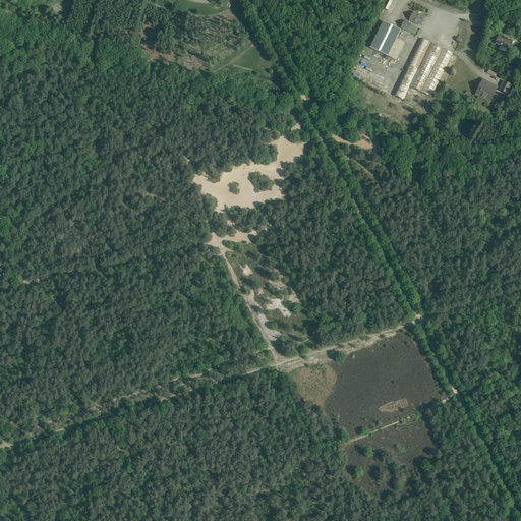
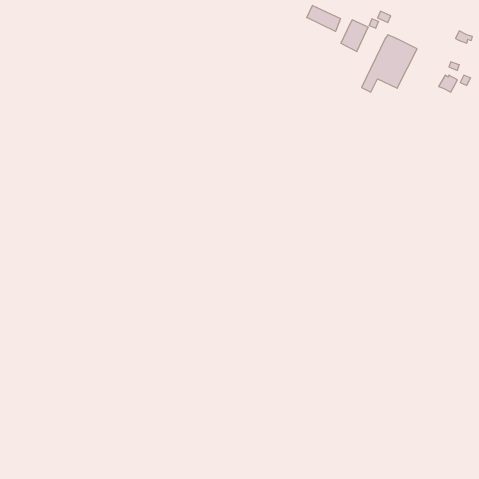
building: none -> [307,5,341,31]

